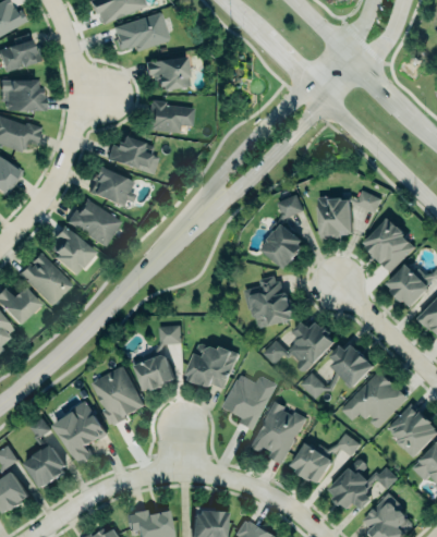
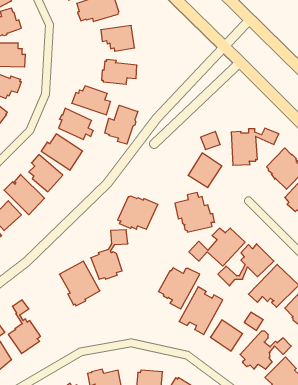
building: none -> [105,105,138,144]
building: [184,343,238,387] -> [118,196,158,229]
building: [52,400,107,466] -> none

